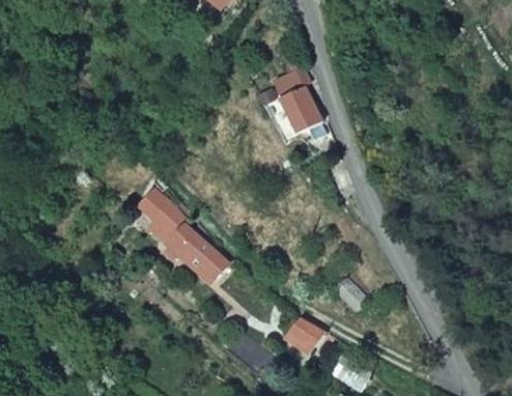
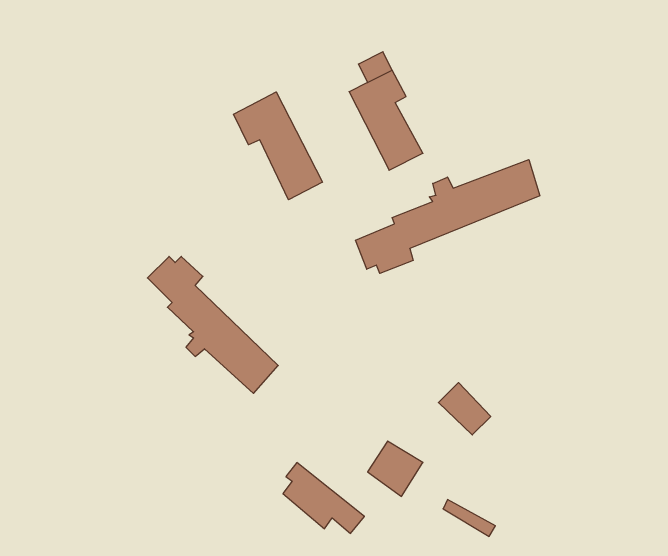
building: none -> [233,92,322,200]
building: none -> [355,160,540,273]

